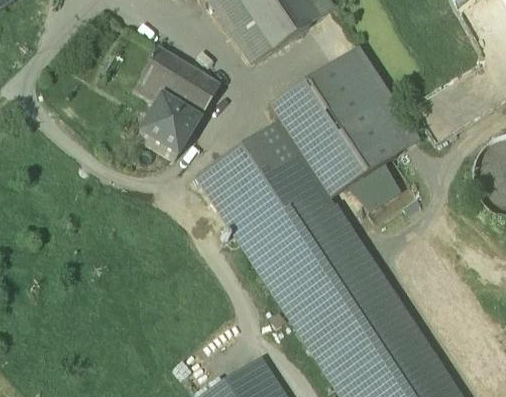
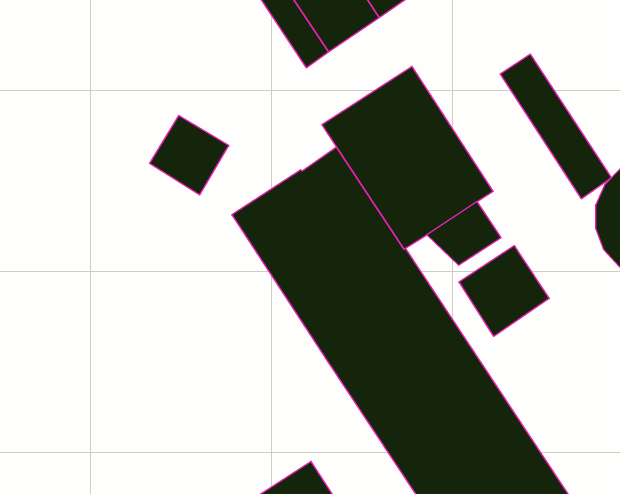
building: [131,46,219,123] -> none
building: [334,47,418,156] -> [500,54,612,199]
building: none -> [459,246,549,336]

